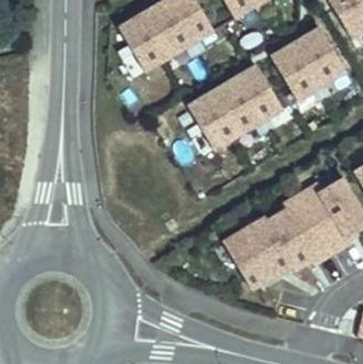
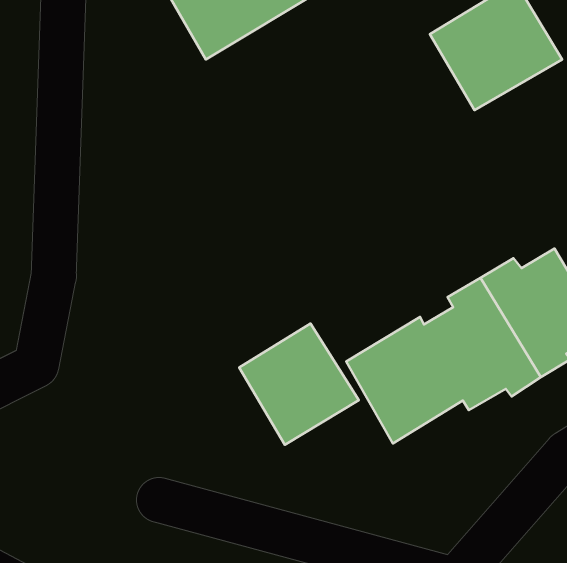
building: [187,63,283,148] -> none
building: none -> [239,323,359,445]

